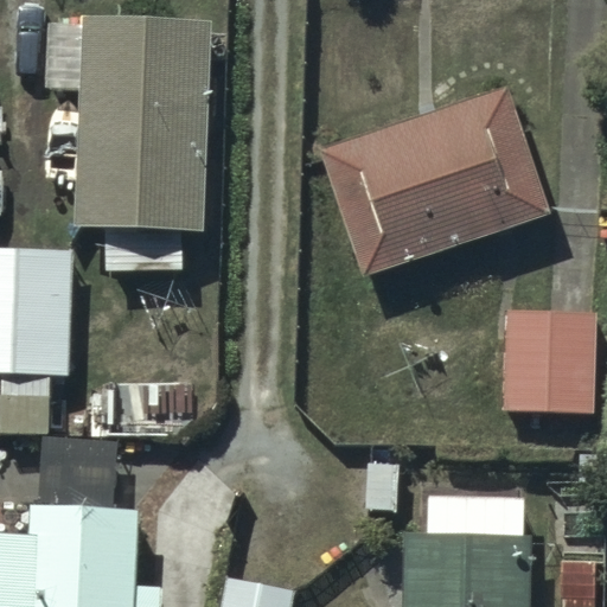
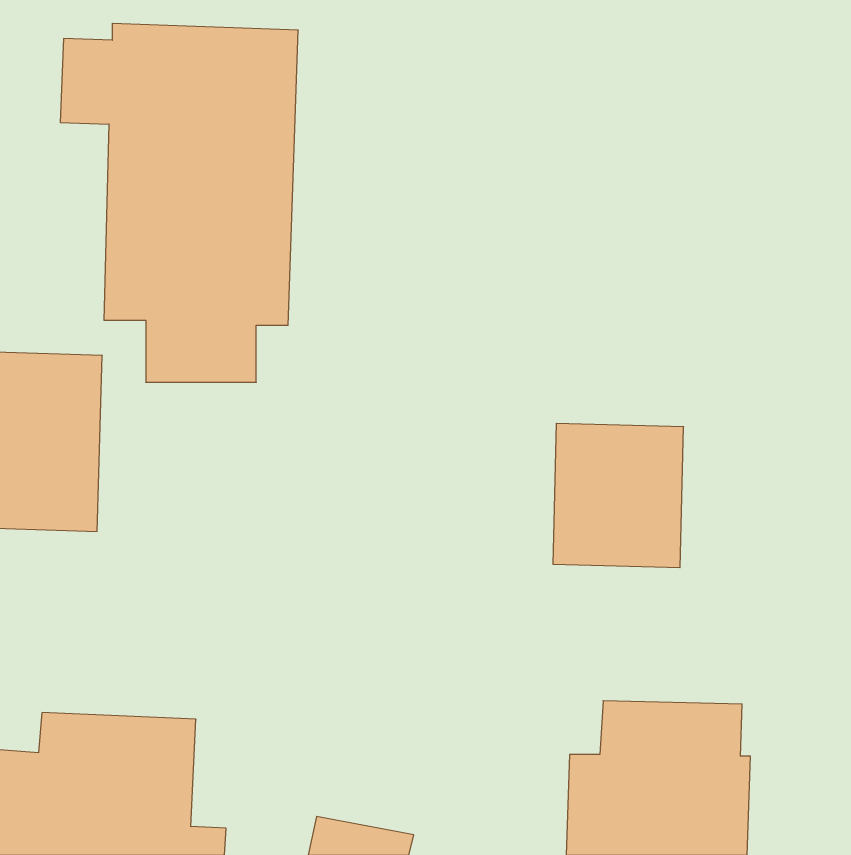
building: [319,88,547,277] -> none
building: [504,312,596,414] -> [553,423,684,568]

